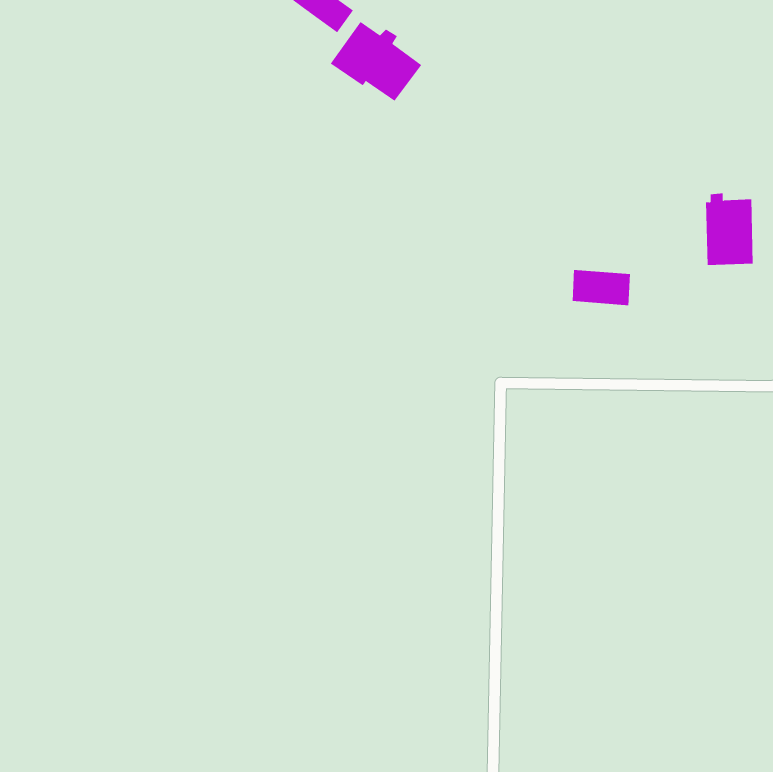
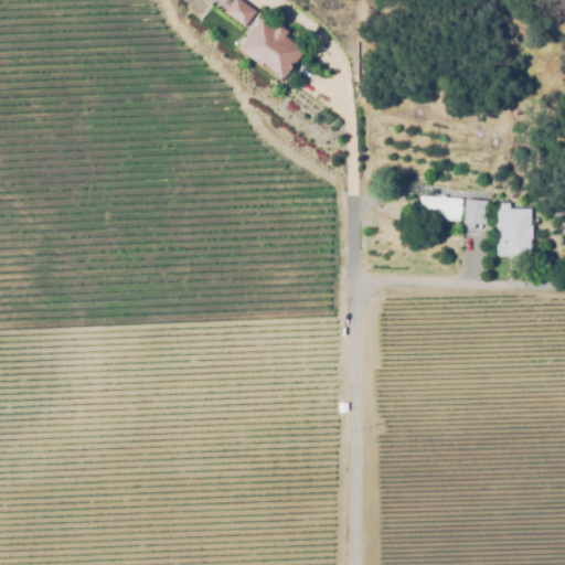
building: [705,193,754,265] -> [495,205,531,258]
building: none -> [462,200,490,226]

